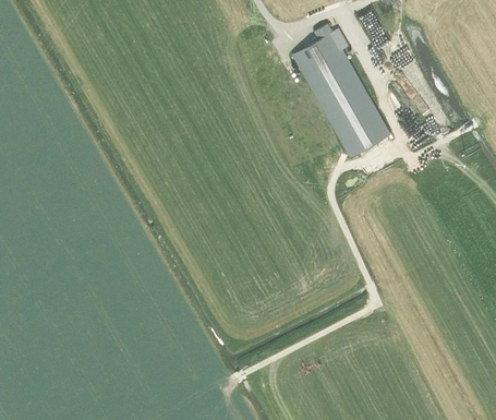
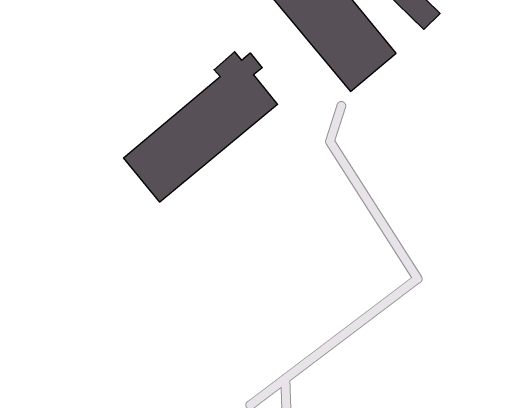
building: none -> [124,52,278,202]

